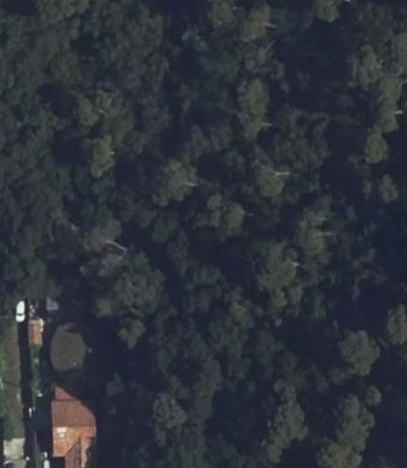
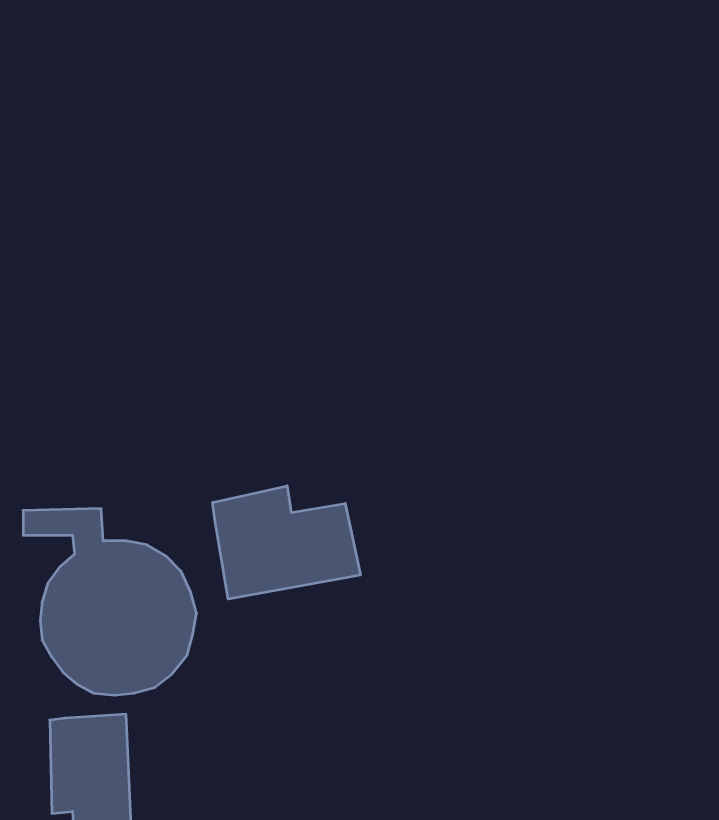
building: none -> [213,486,360,599]

